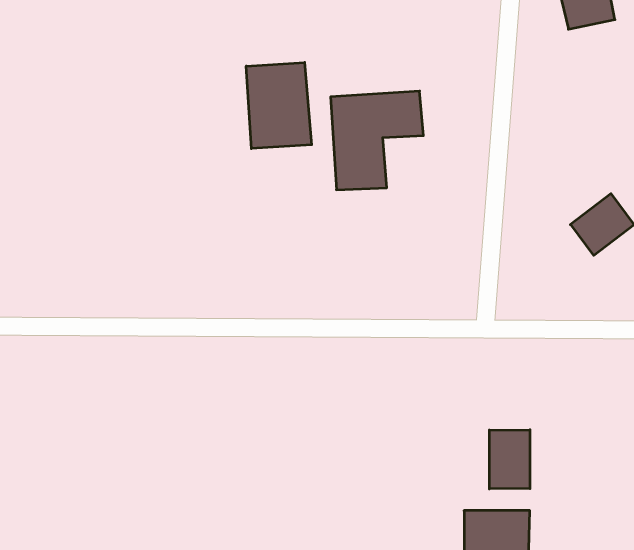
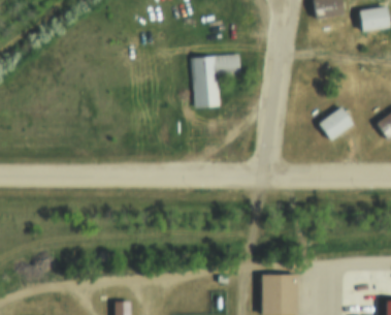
building: [246,62,312,149] -> none
building: [489,430,530,489] -> none

